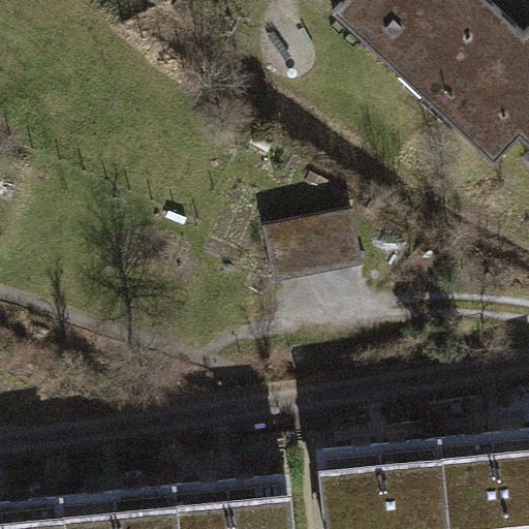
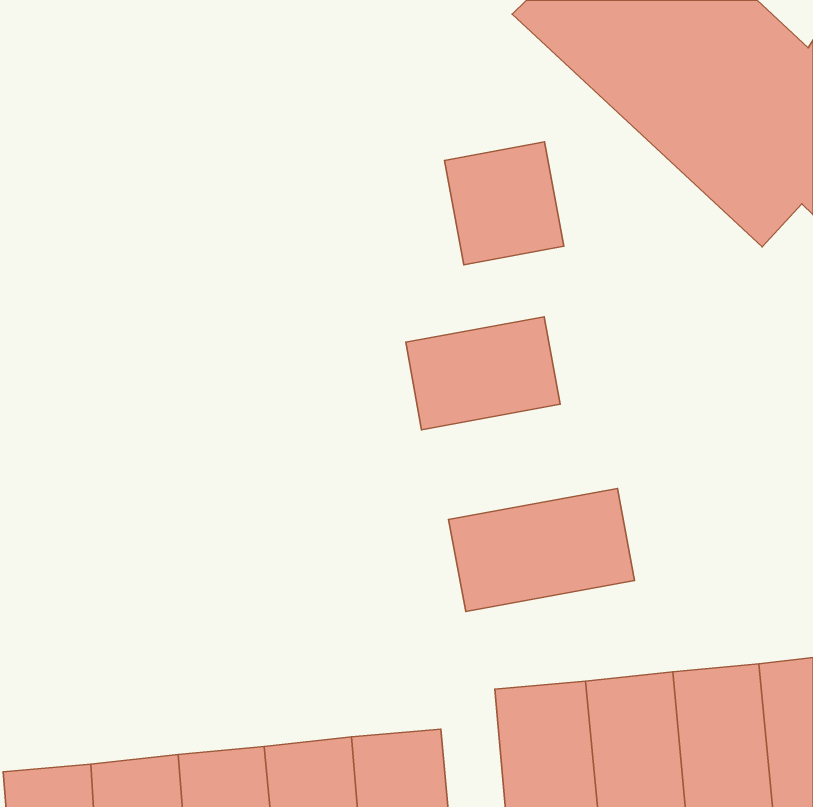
building: none -> [445,142,564,265]
building: none -> [449,488,635,612]

